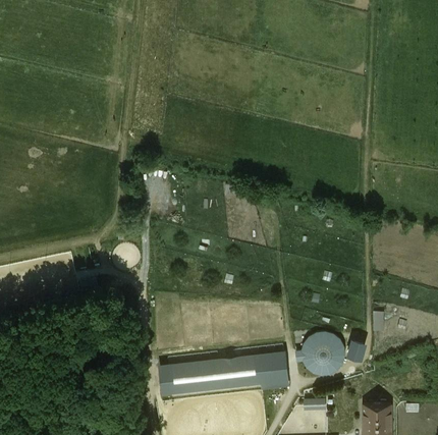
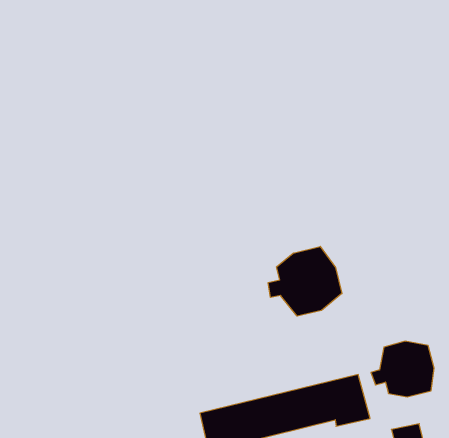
building: none -> [268,246,342,316]

